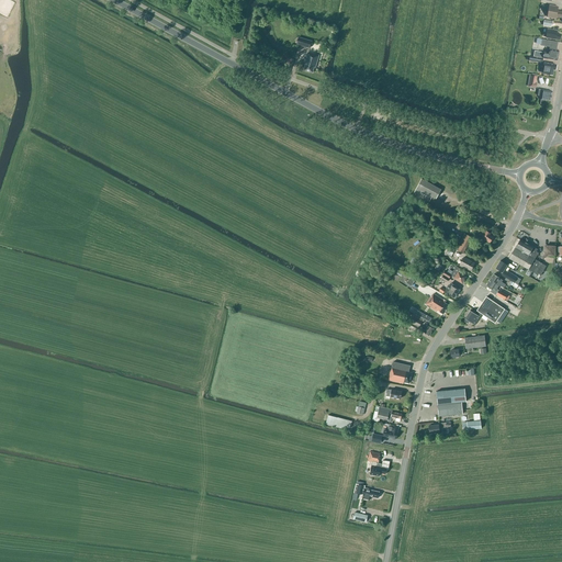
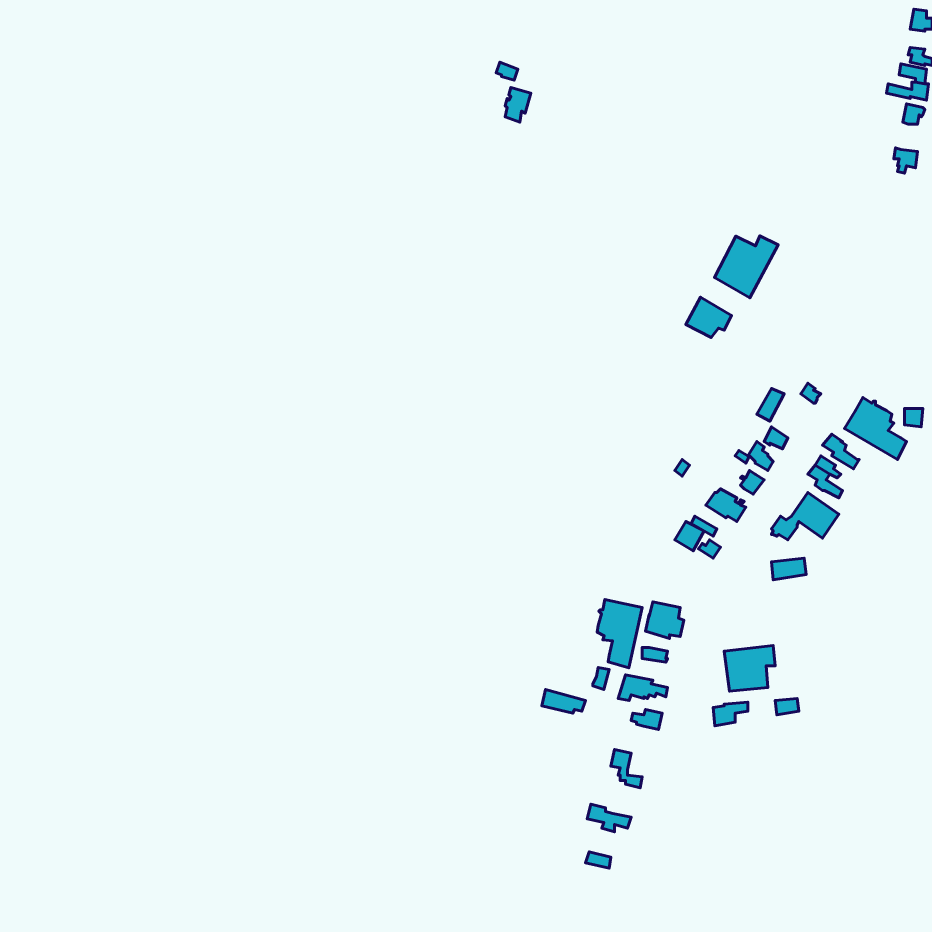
building: none -> [714,236,778,298]
building: none -> [597,599,642,668]

